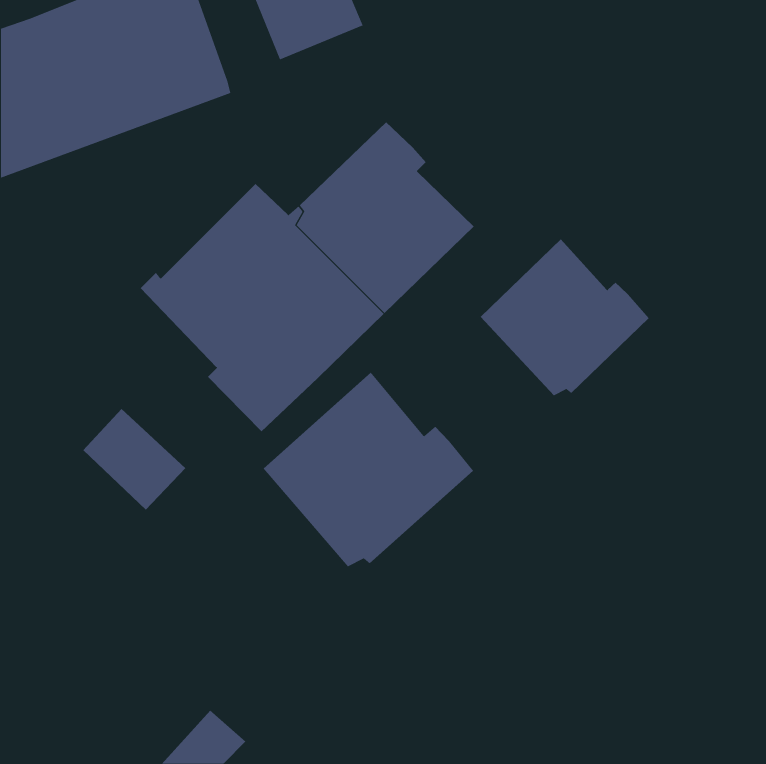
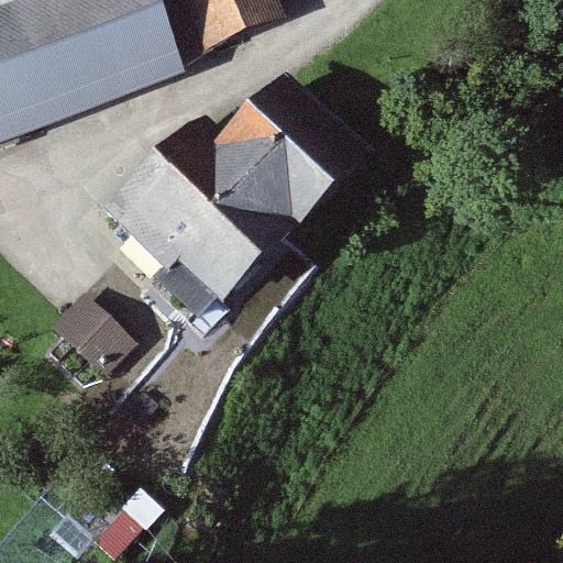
building: [480,239,649,396] -> none
building: [263,372,474,567] -> none

